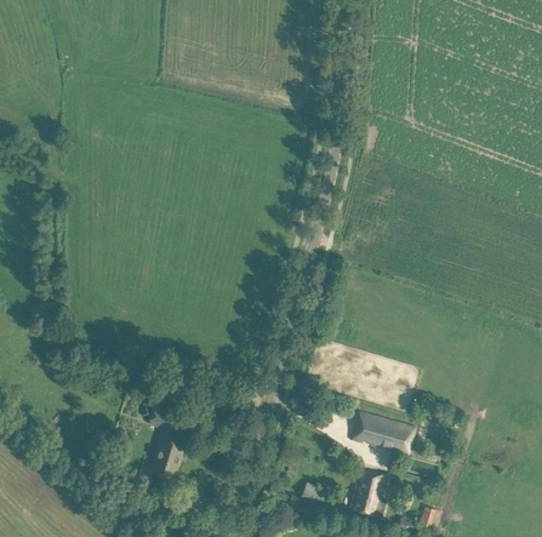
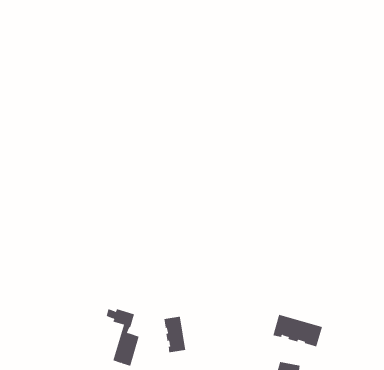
building: none -> [164,316,186,353]

